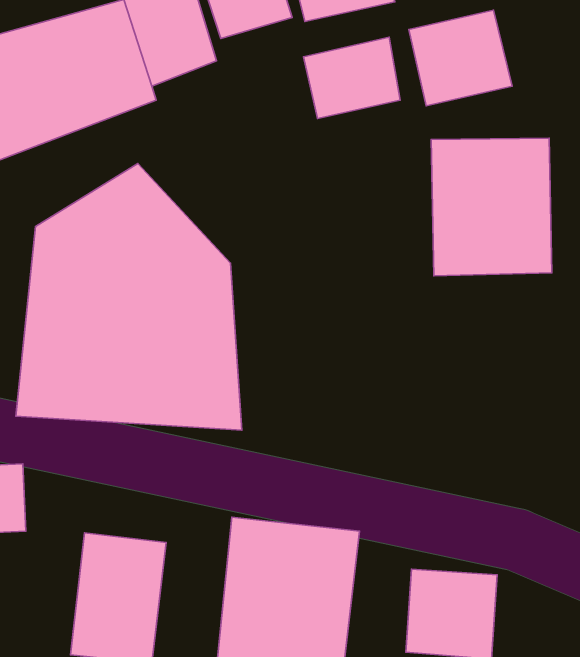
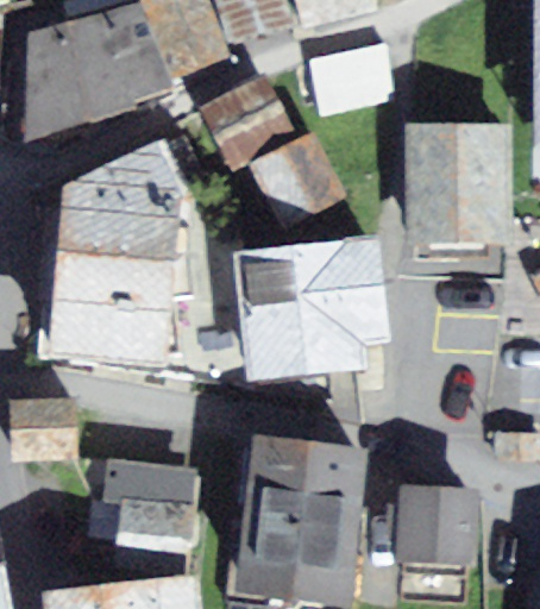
building: [409,10,512,106] -> none
building: none -> [200,71,293,162]
building: none -> [249,133,345,230]
building: none -> [246,237,403,378]

